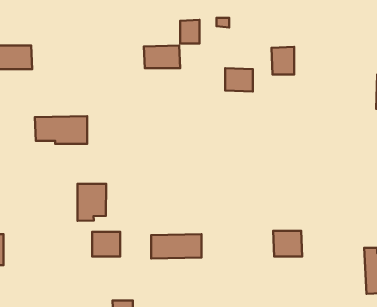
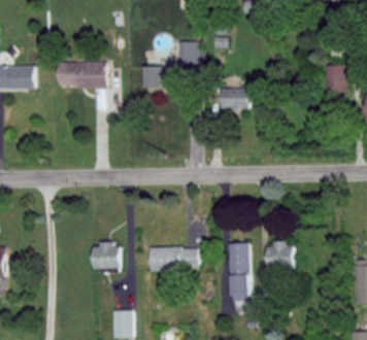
building: [272,47,294,75] -> [323,64,344,91]
building: [35,116,87,144] -> [55,61,105,88]
building: [77,184,106,221] -> none
building: none -> [229,242,251,311]

